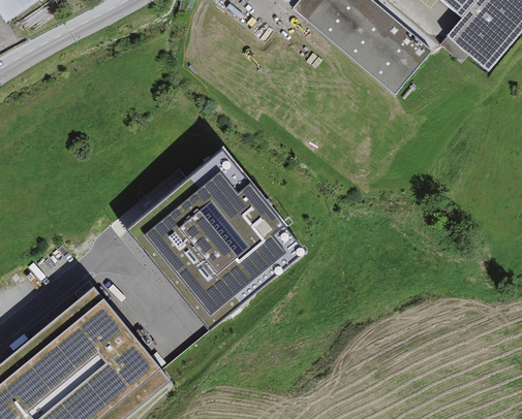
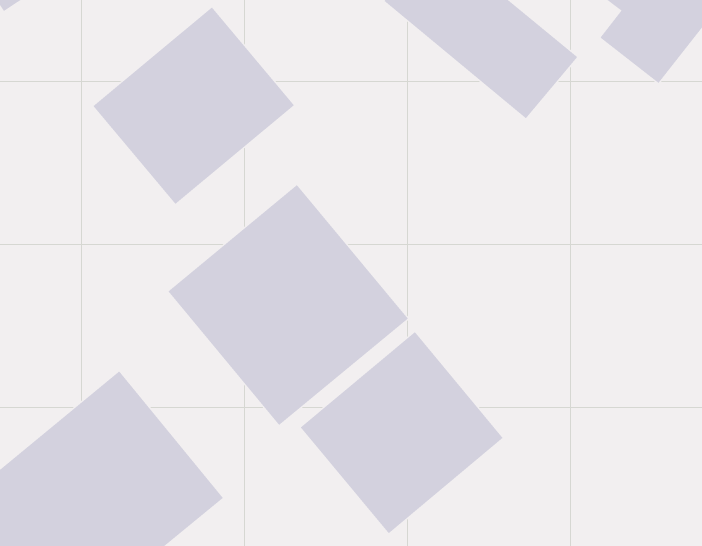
building: none -> [93,7,295,205]
building: none -> [300,331,504,534]

